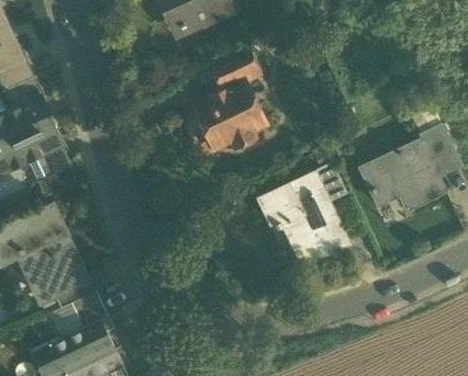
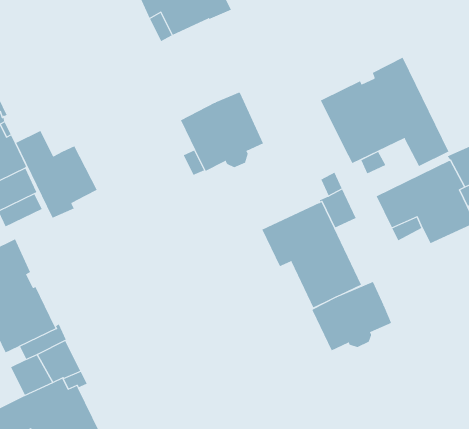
building: [211,46,259,89] -> none
building: none -> [320,57,449,167]
building: none -> [15,130,97,218]
building: none -> [312,281,392,351]

